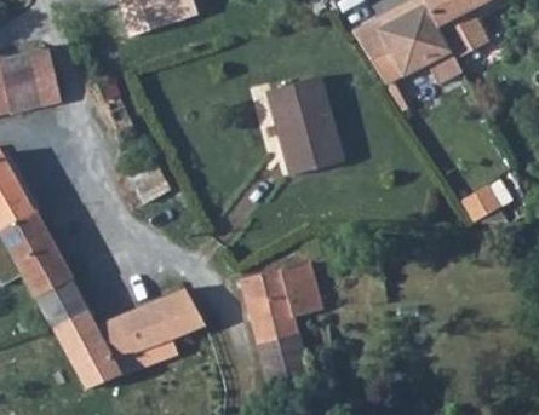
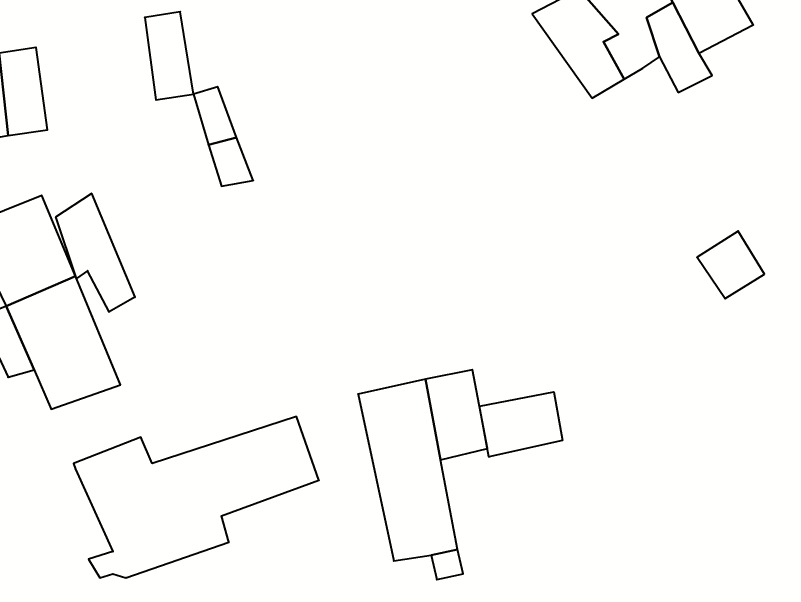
building: [28,51,59,108] -> [145,12,193,100]
building: [251,67,328,172] -> none
building: none -> [56,193,135,312]
building: [38,272,96,323] -> none
building: none -> [479,392,562,457]

